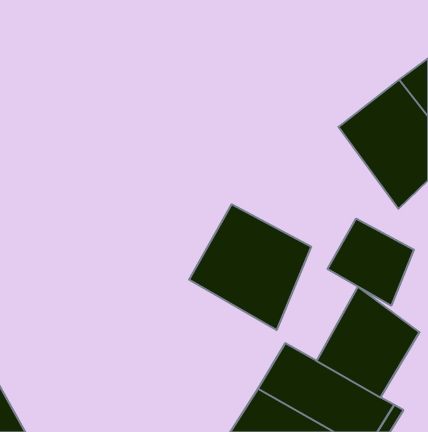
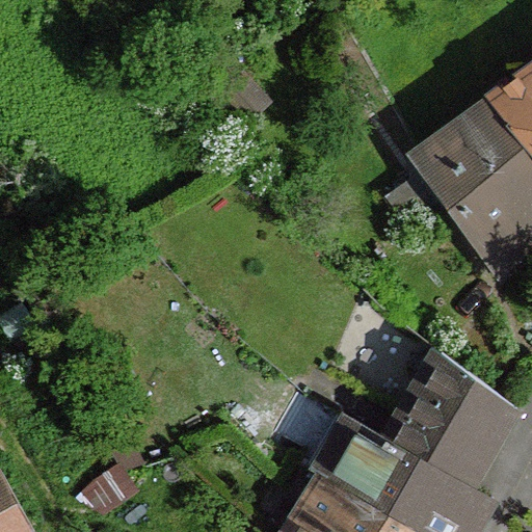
building: [189,204,311,330] -> none
building: [328,219,414,306] -> none

